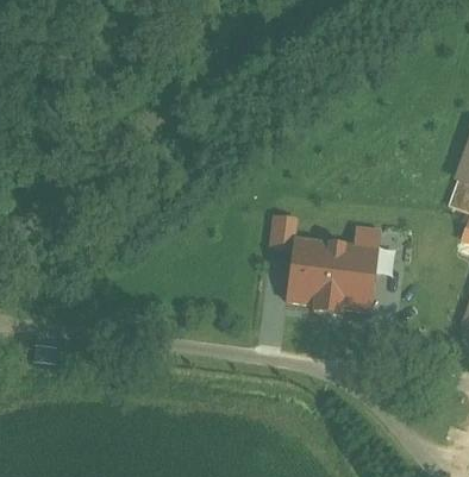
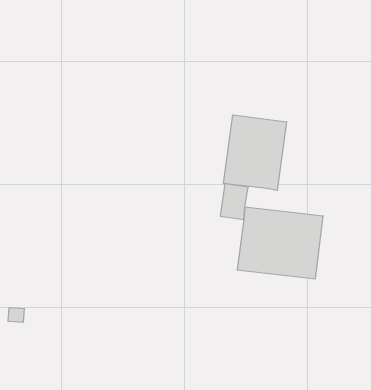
building: none -> [223,115,287,190]

